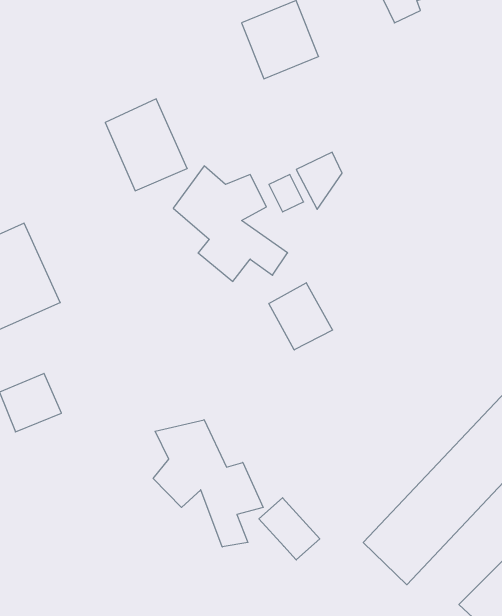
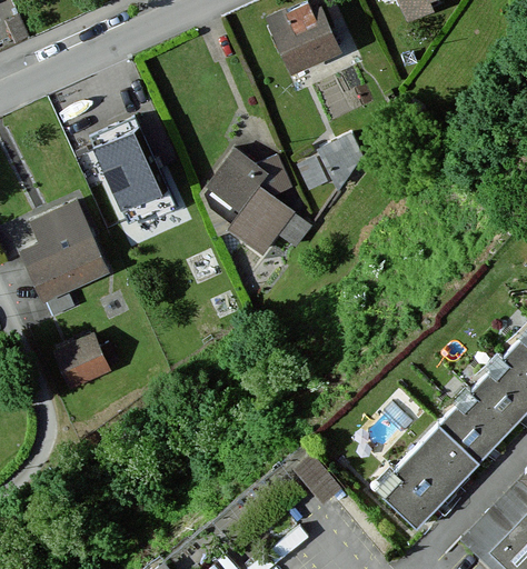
building: [105,99,187,191] -> [95,130,168,212]
building: [269,283,333,350] -> none
building: [153,420,263,547] -> none

